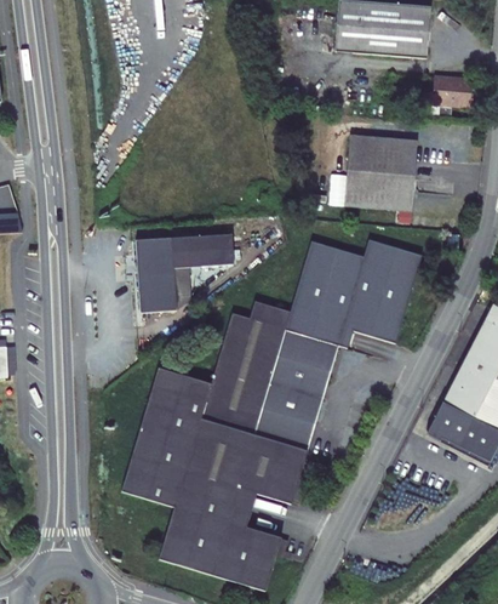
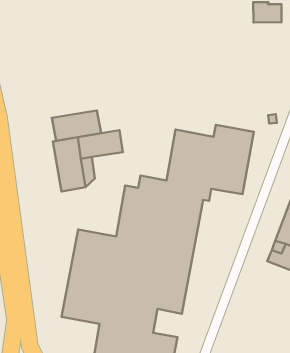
building: [342,135,416,211] -> none
building: none -> [52,111,101,141]

